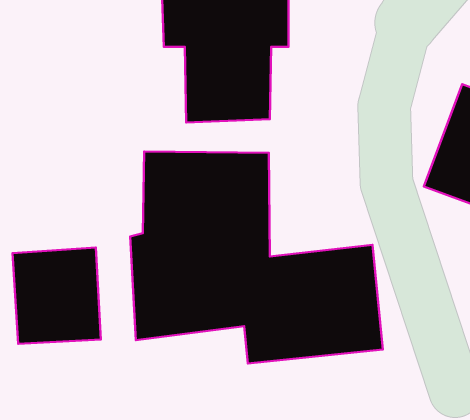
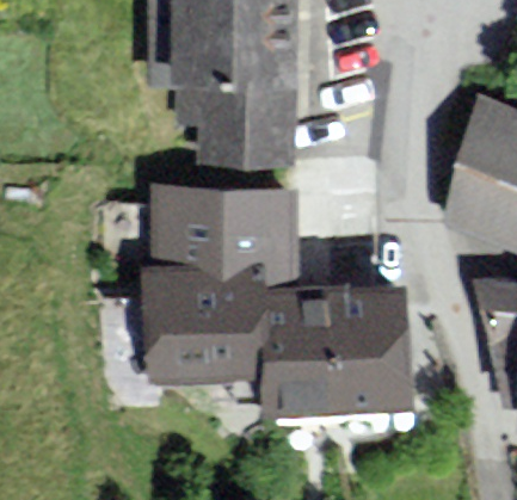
building: [13,248,101,344] -> none

